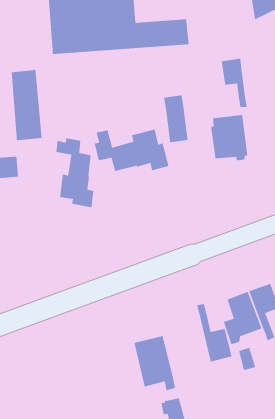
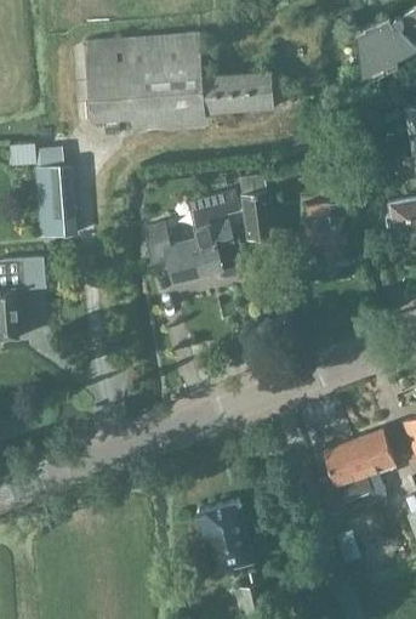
building: [221,58,247,108] -> none
building: none -> [199,191,238,221]
building: [56,137,94,208] -> none
building: [196,303,232,362] -> none

